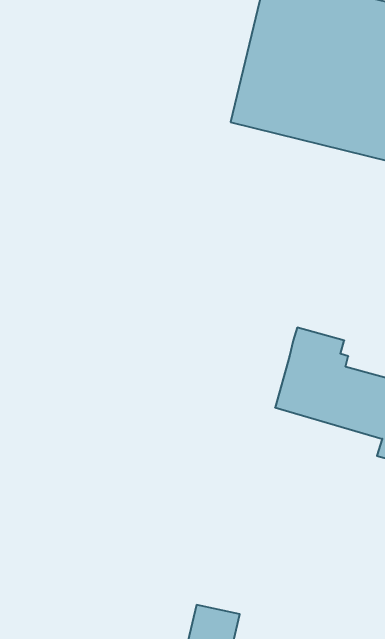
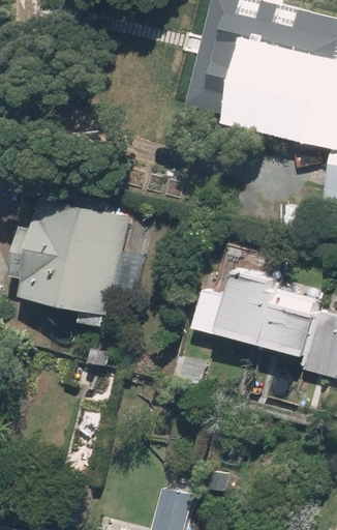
building: none -> [17,196,146,313]

